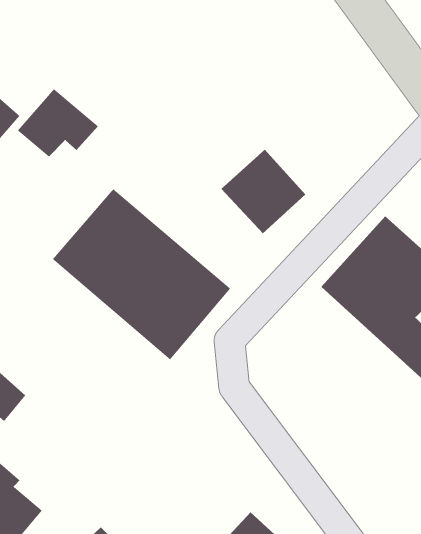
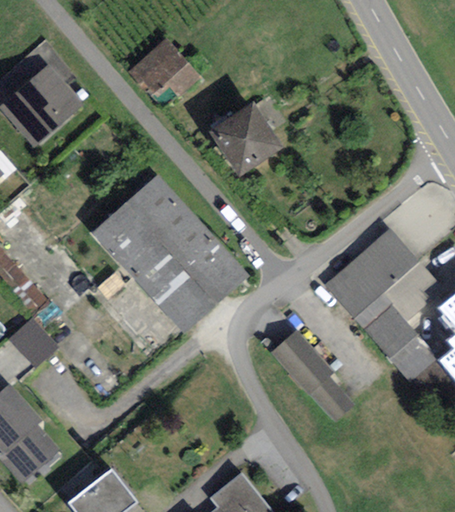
building: [17,88,99,158] -> [129,39,201,99]
building: [220,149,306,234] -> [209,103,283,177]
building: none -> [271,329,353,422]

